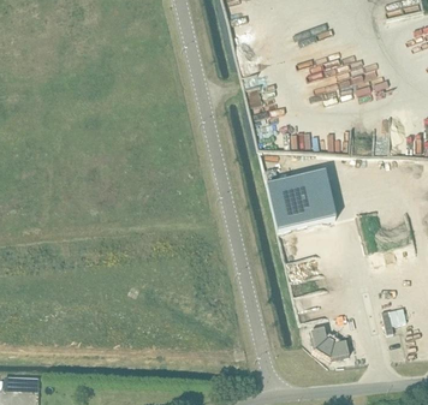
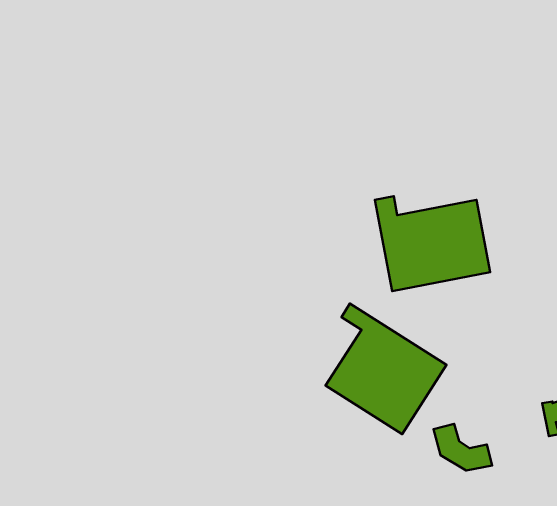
building: none -> [325,304,447,434]

